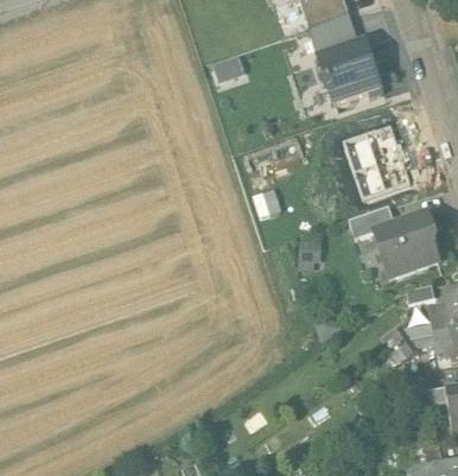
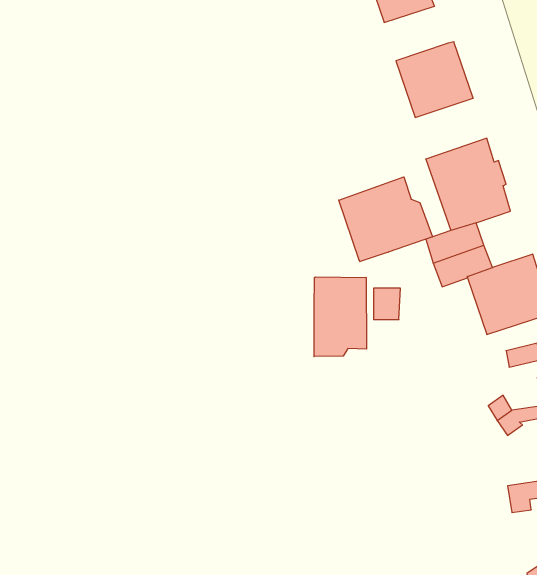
building: [308,13,360,57] -> none
building: none -> [339,177,432,262]
building: none -> [314,277,366,357]

